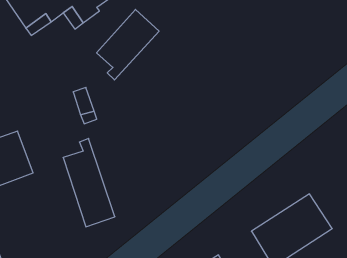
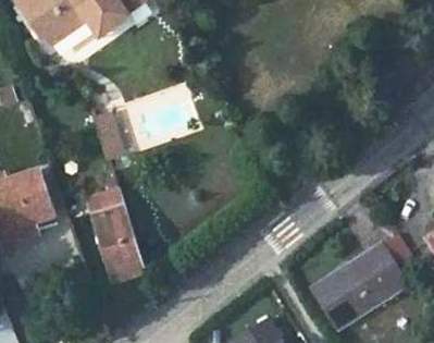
building: [97,9,159,80] -> none

